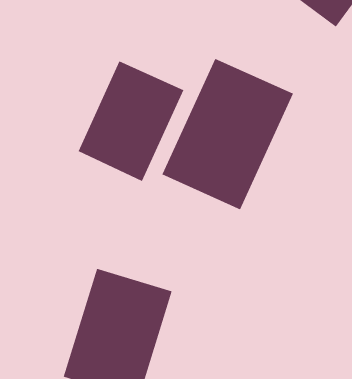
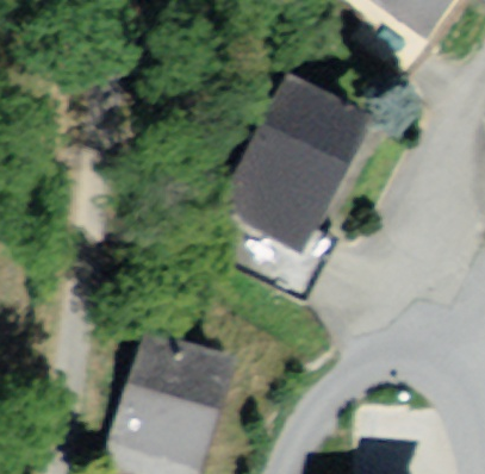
building: [78,60,184,182] -> none

